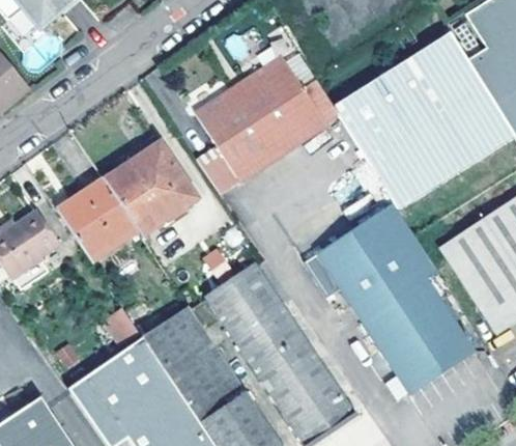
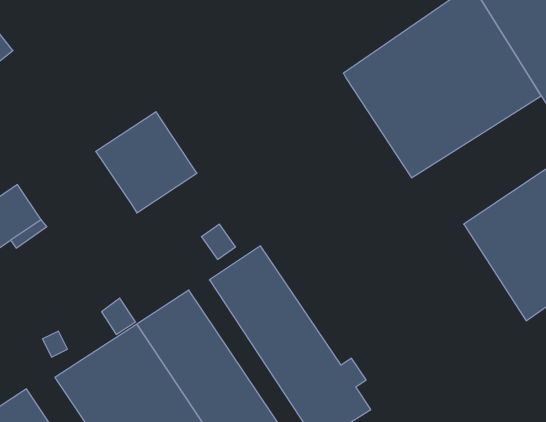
building: [196,56,332,193] -> none
building: [57,179,137,257] -> none
building: [305,204,474,393] -> none

